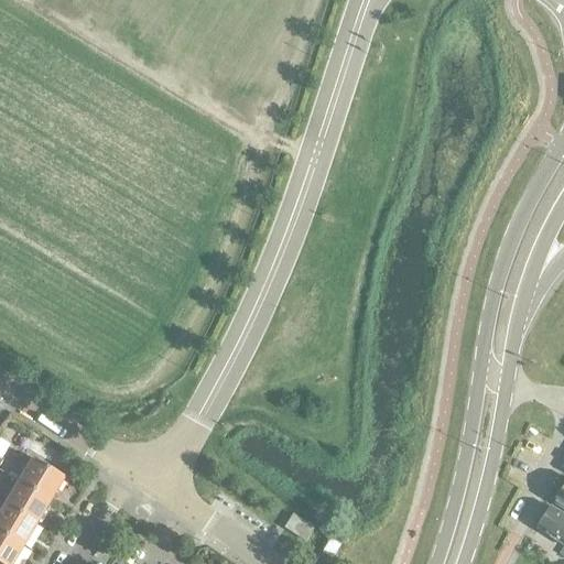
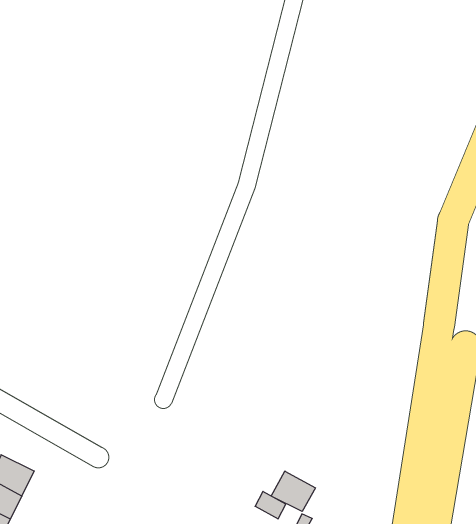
building: none -> [271,471,315,511]

